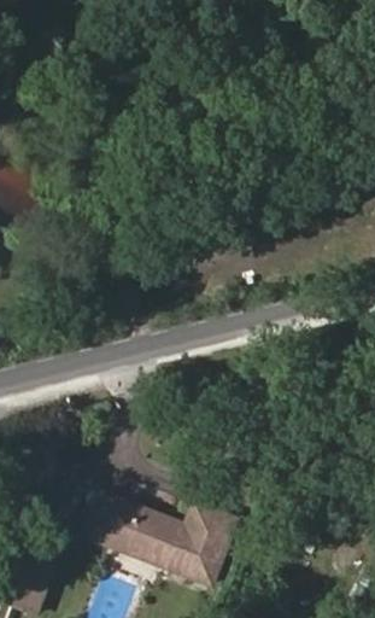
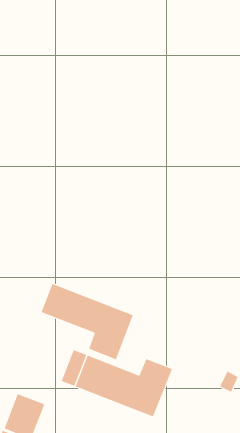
building: none -> [41,283,133,360]

